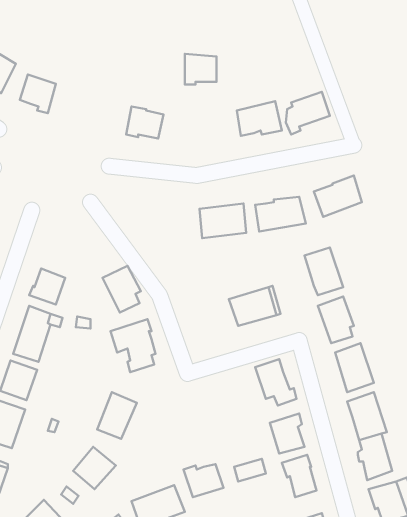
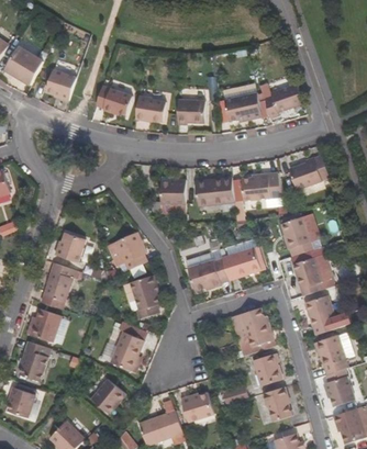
building: [185,54,217,85] -> [177,100,203,125]
building: none -> [96,88,131,116]
building: none -> [159,179,184,204]
building: none -> [186,255,226,288]

